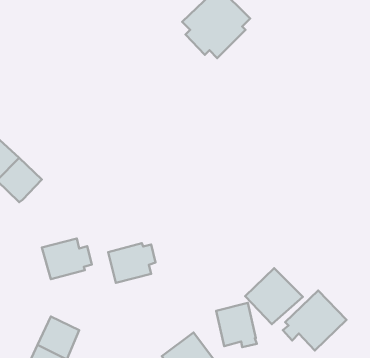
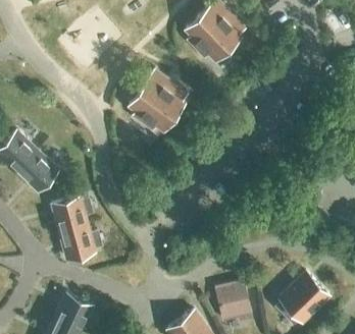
building: none -> [128,72,191,133]
building: [108,243,156,283] -> [51,197,94,232]
building: [245,268,303,324] -> none

